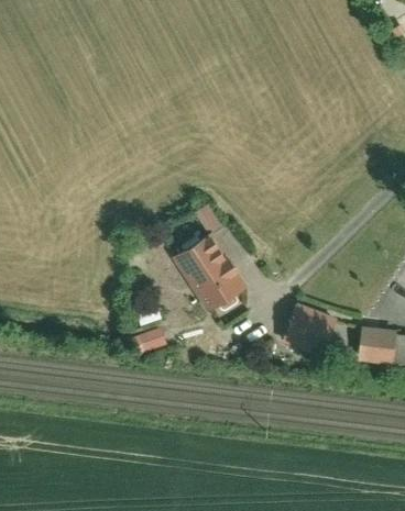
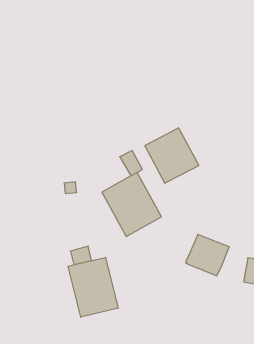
building: none -> [145,128,199,183]
building: none -> [68,257,118,317]

